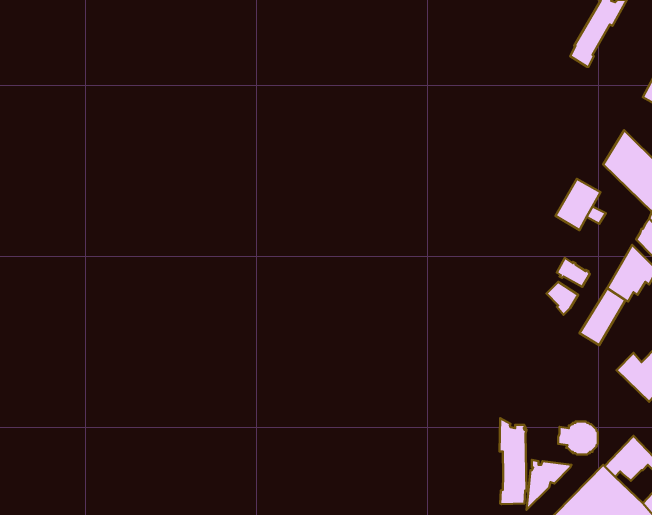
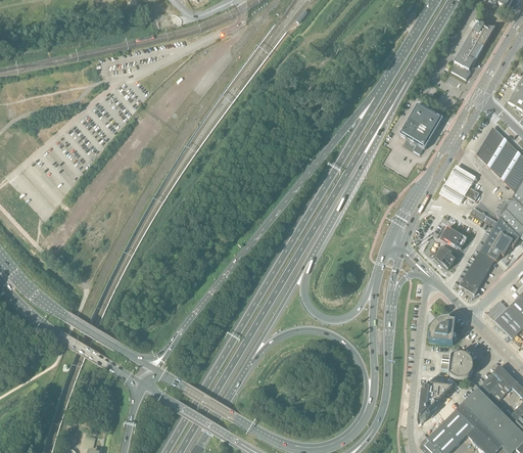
building: none -> [400,103,440,153]
building: none -> [428,317,457,343]
building: [500,418,527,504] -> none

